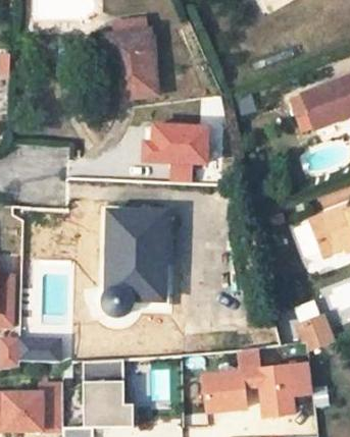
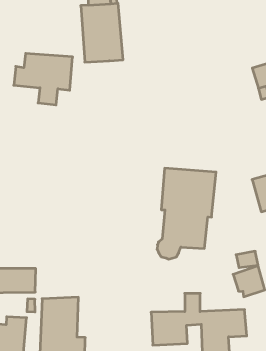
building: [141,124,205,180] -> [14,53,73,105]
building: [104,211,165,313] -> [157,168,216,259]

